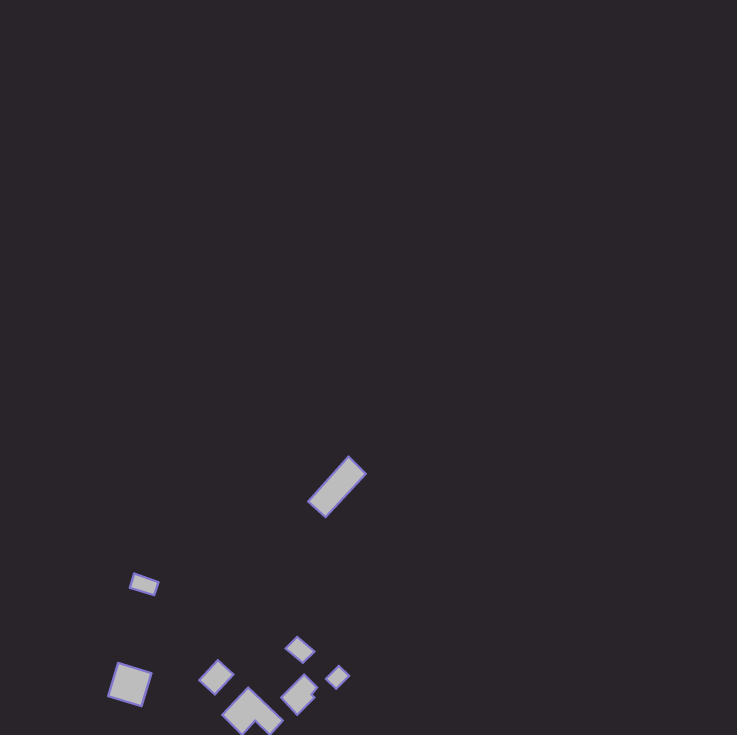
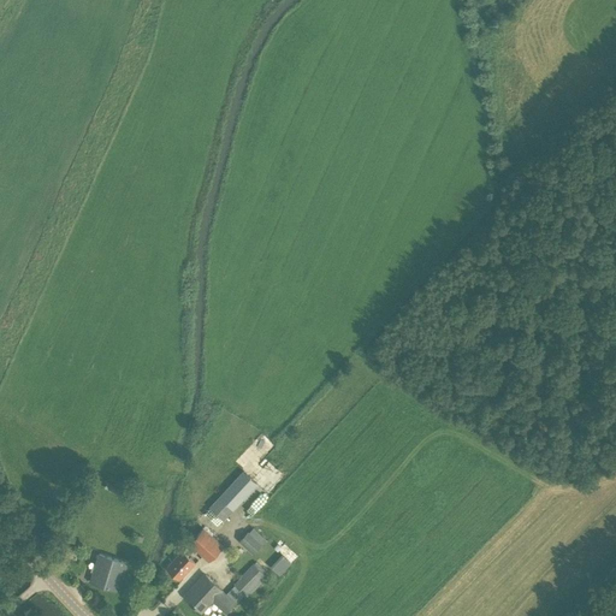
building: [308,457,366,517] -> [209,470,257,521]
building: none -> [189,528,224,563]

